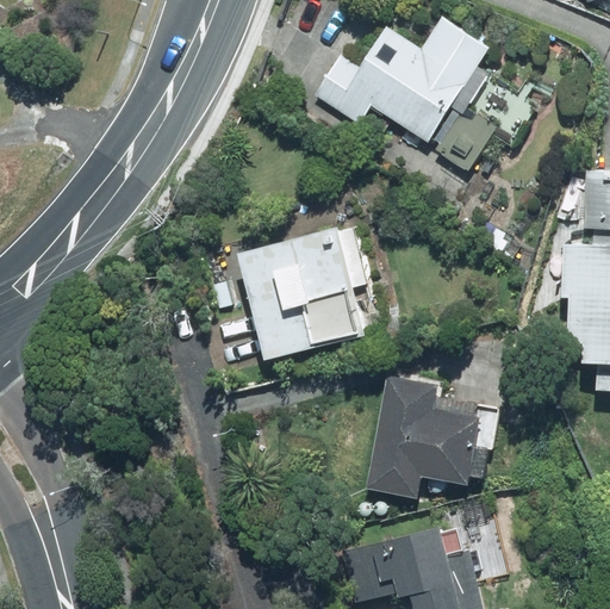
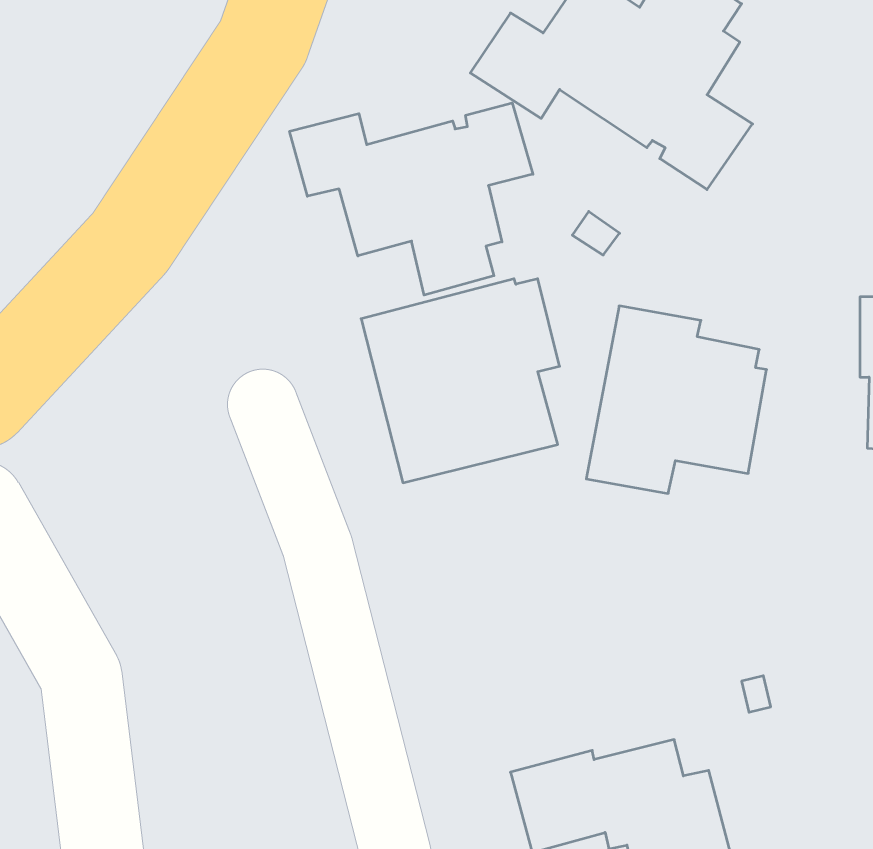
building: none -> [290,103,533,295]
building: [365,377,483,499] -> [586,306,767,493]

